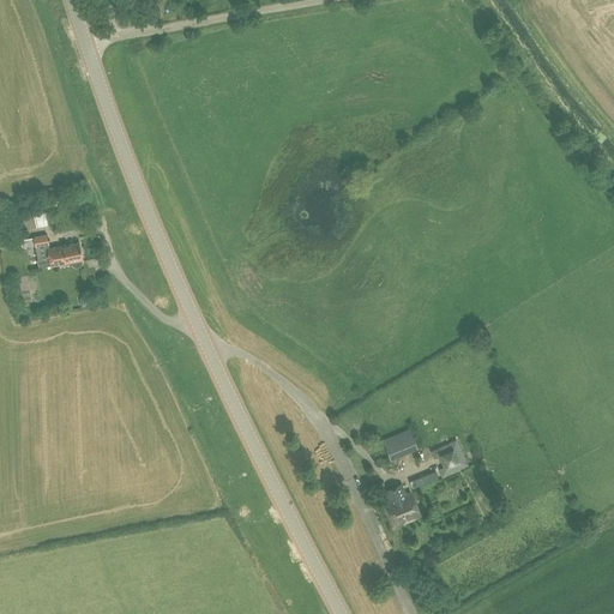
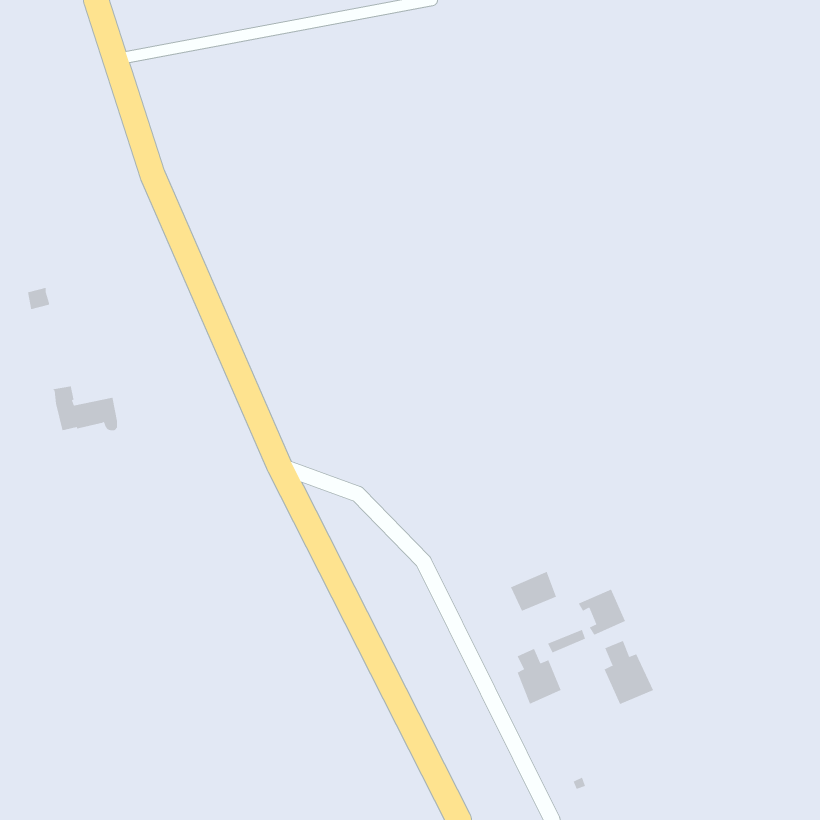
building: [32,234,82,267] -> [52,386,118,431]
building: none -> [604,640,654,705]

